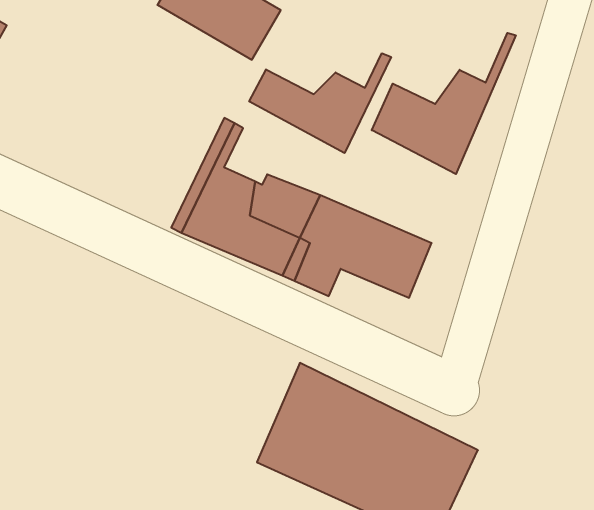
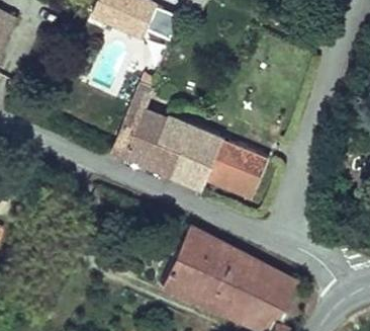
building: [372,33,516,174] -> none
building: [249,53,391,153] -> none

